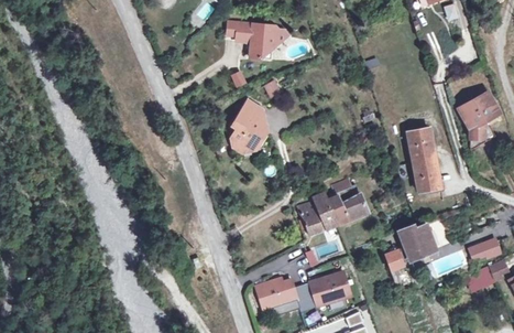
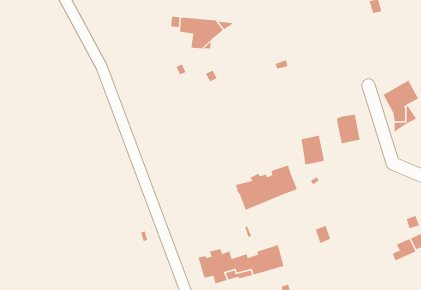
building: [230,99,266,152] -> none
building: [413,158,439,191] -> [300,135,325,165]
building: [398,223,435,258] -> none

